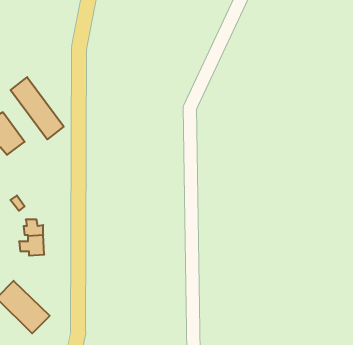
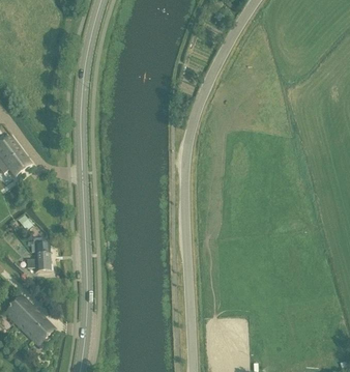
building: [11,77,64,139] -> none

